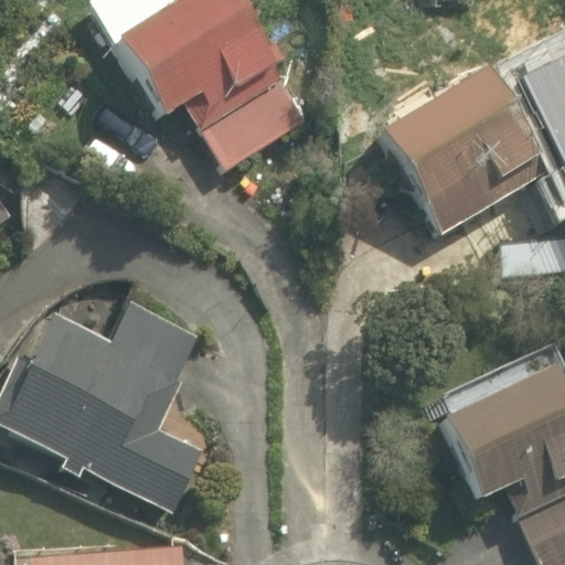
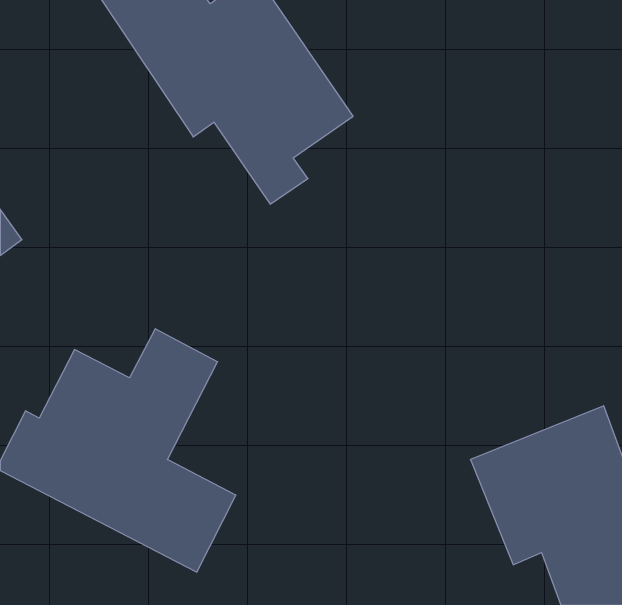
building: [372,64,541,280] -> none

